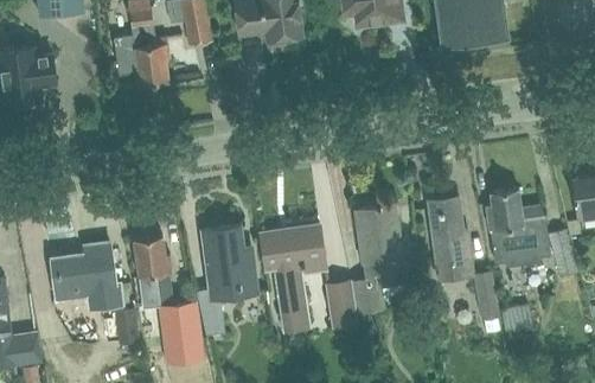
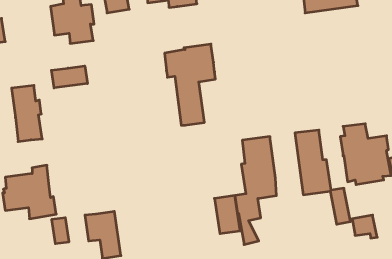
building: none -> [51,66,87,88]
building: [261,225,326,330] -> [165,44,215,125]
building: [197,226,257,337] -> none
building: [134,237,173,309] -> [12,85,42,142]

